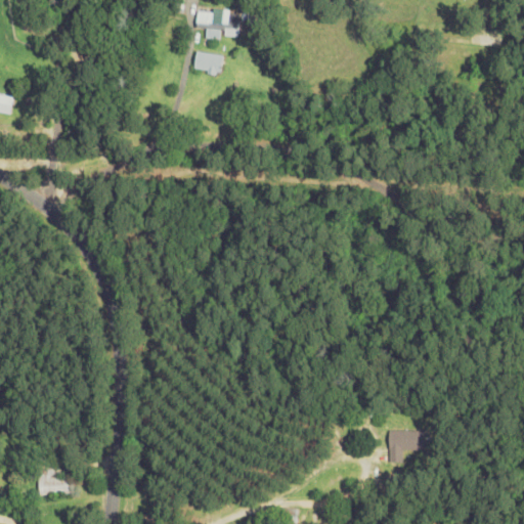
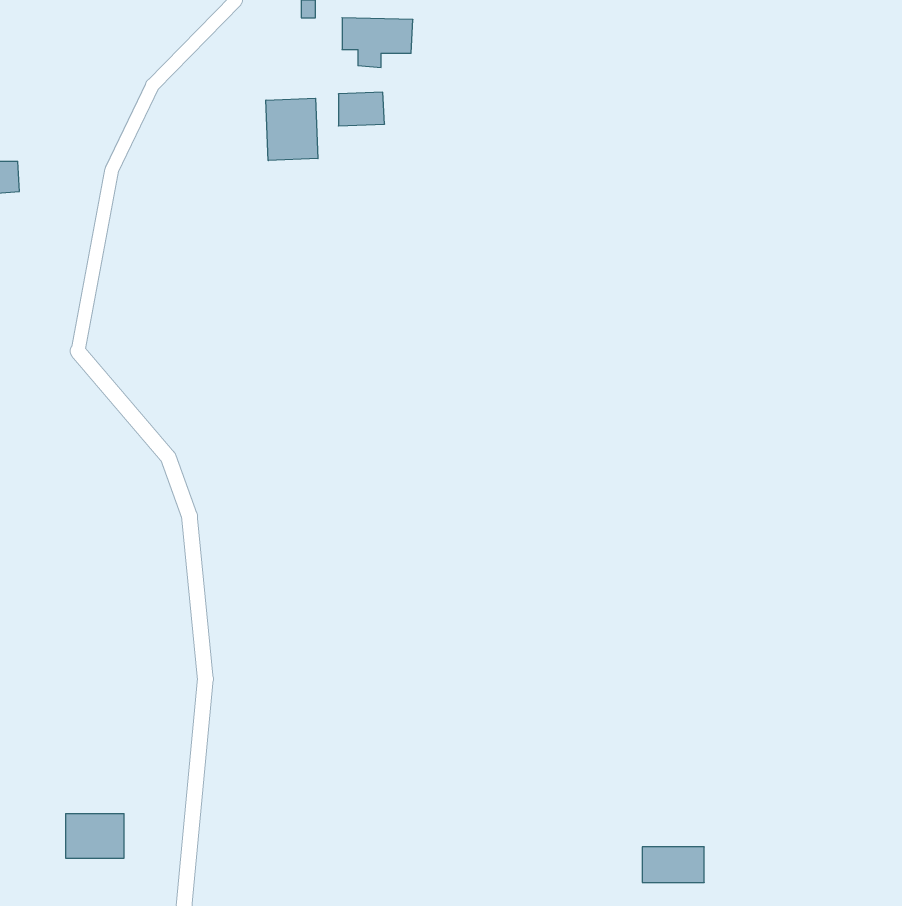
building: none -> [266,98,318,161]
building: [389,431,425,451] -> [642,847,704,882]

